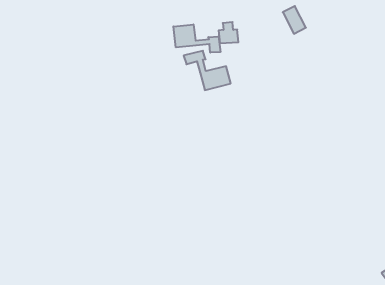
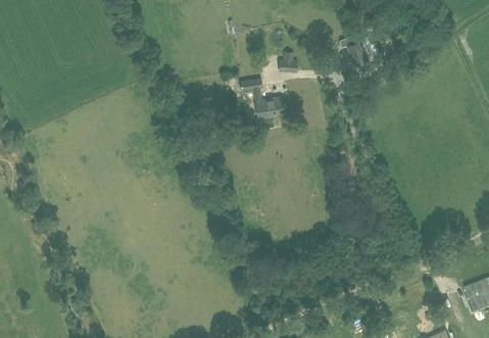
building: [173,24,220,53] -> none

